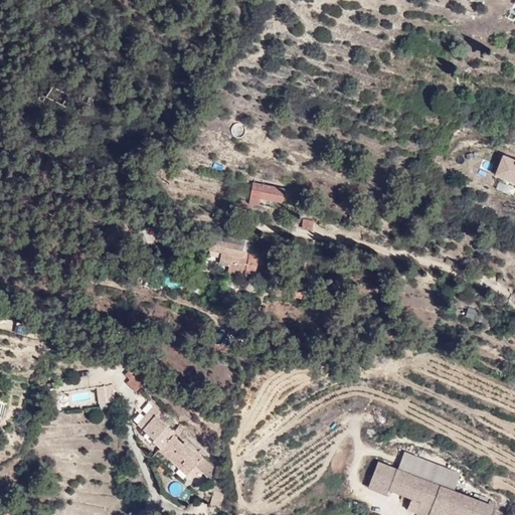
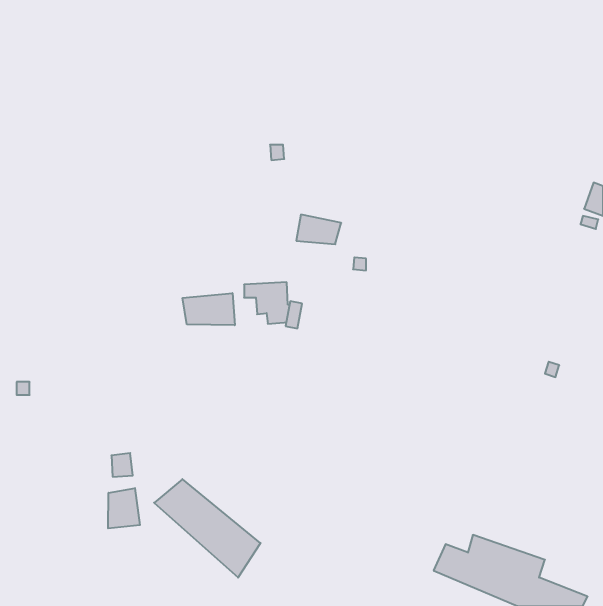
building: none -> [183,293,235,325]
building: none -> [108,488,140,528]

